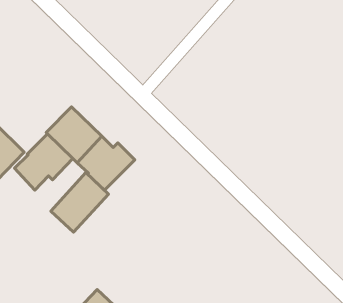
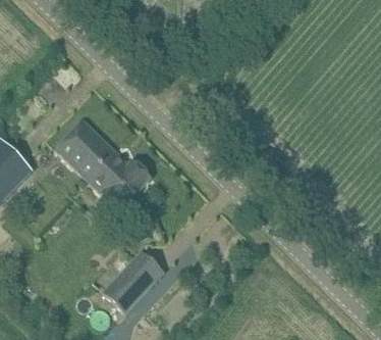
building: [14,134,73,190] -> none
building: [51,172,109,232] -> [103,249,165,313]

